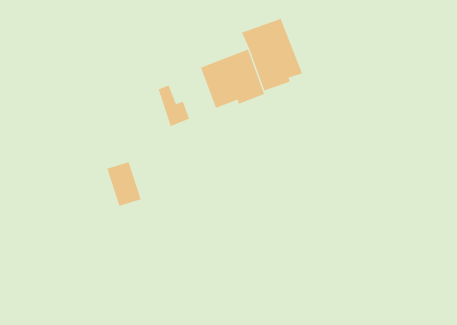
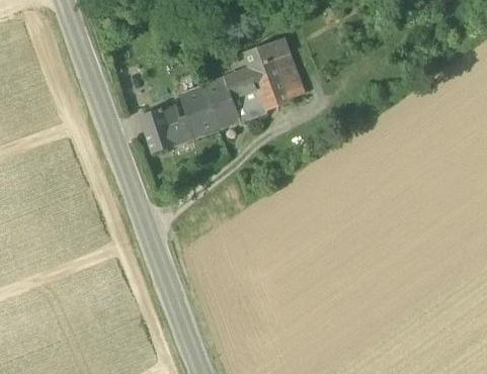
building: none -> [179,85,220,136]
building: [106,161,141,207] -> [140,107,174,152]

